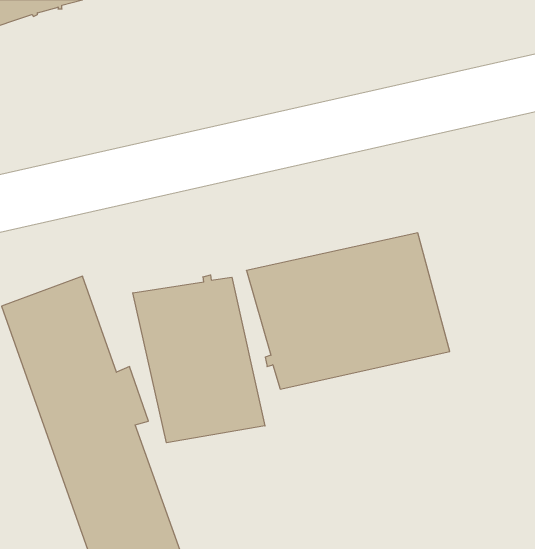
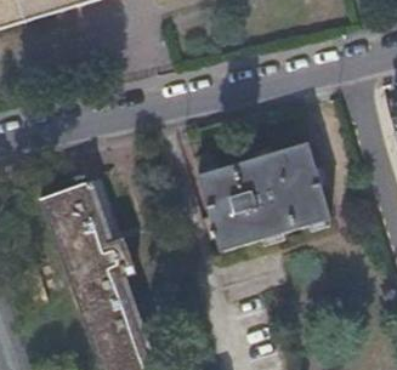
building: [133,275,265,443] -> none

